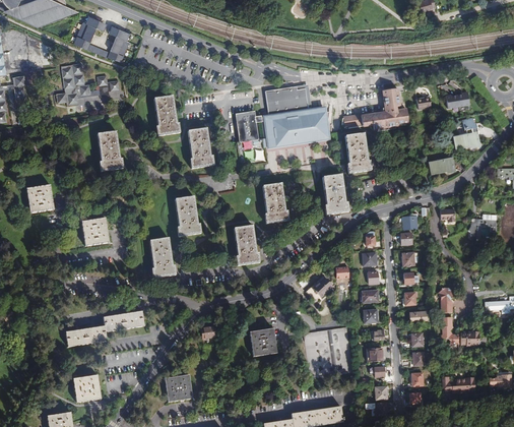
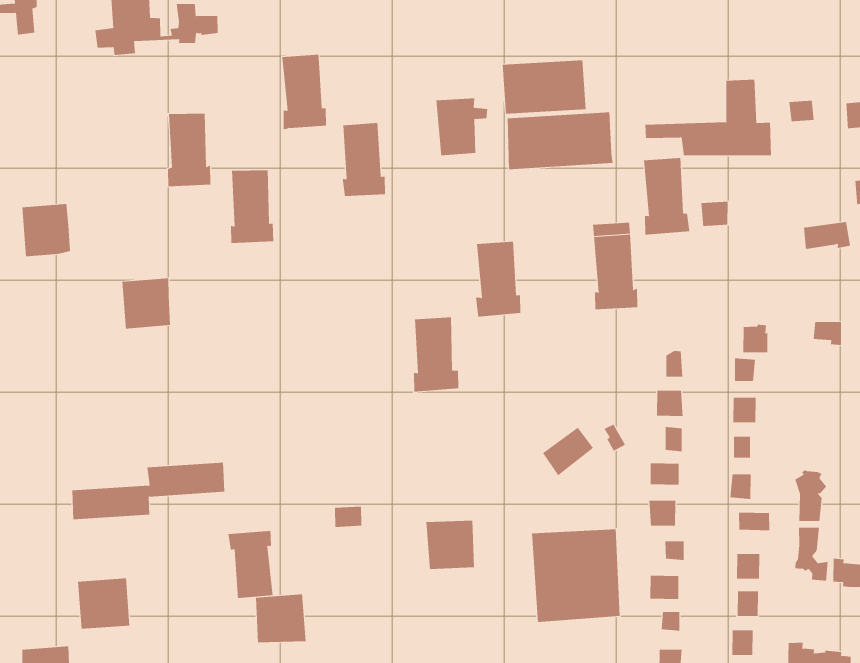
building: [175,196,200,236] -> [230,170,274,243]
building: [149,237,176,278] -> none
building: none -> [228,530,273,599]

